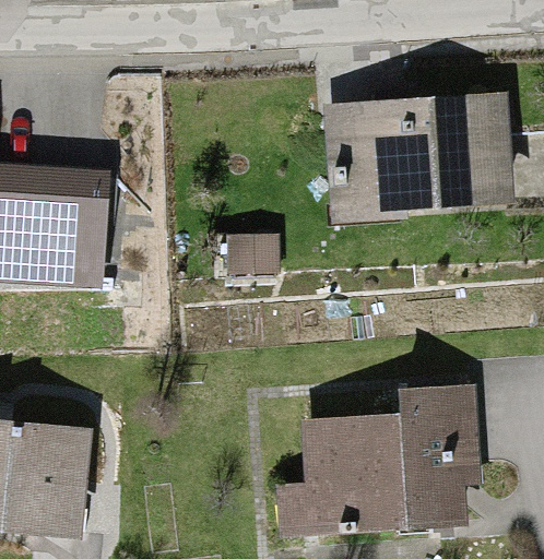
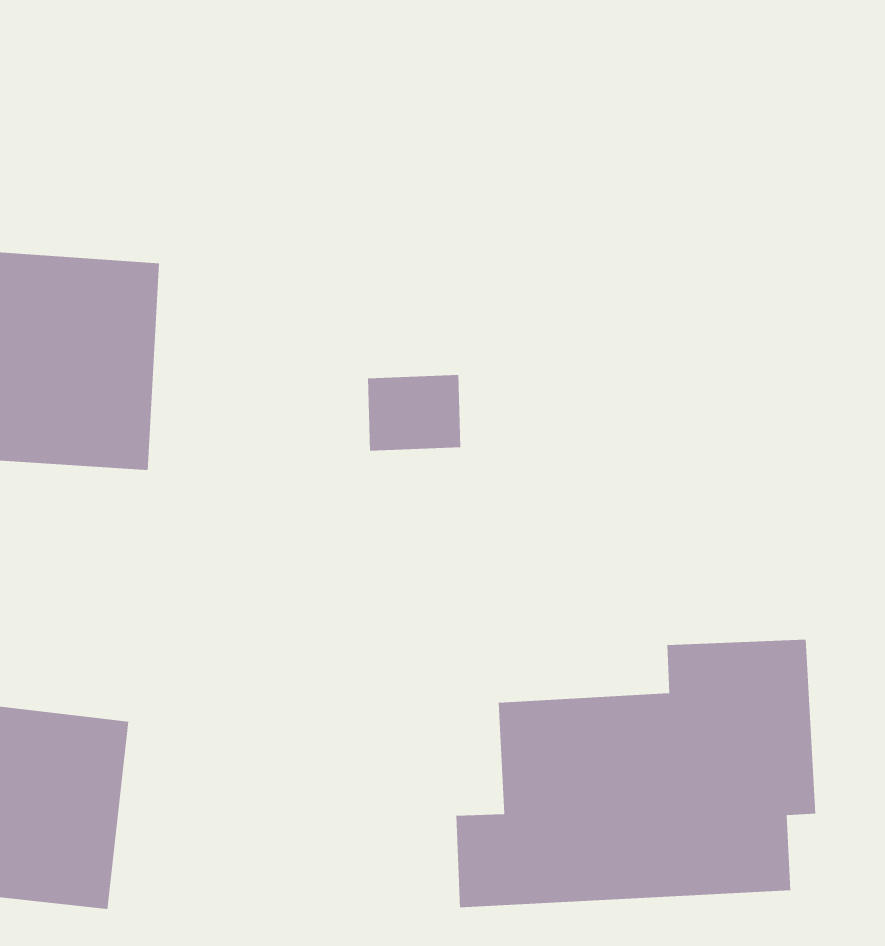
building: [329,97,505,227] -> none

